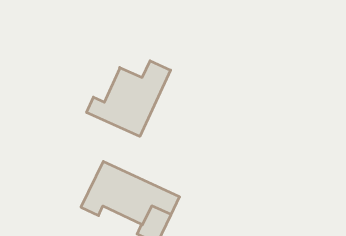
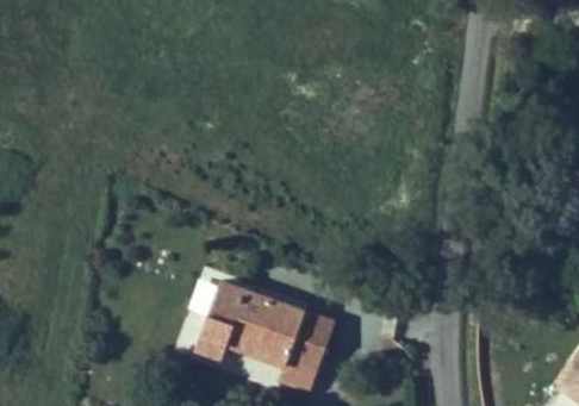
building: [87,61,171,136] -> none

